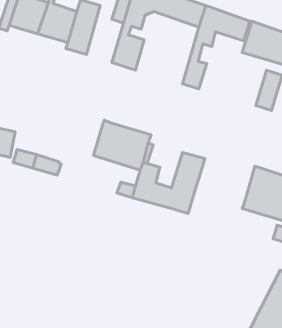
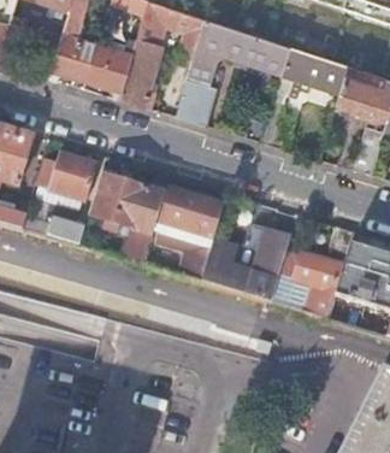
building: none -> [47,152,99,204]
building: none -> [87,173,165,264]
building: none -> [279,226,356,319]

